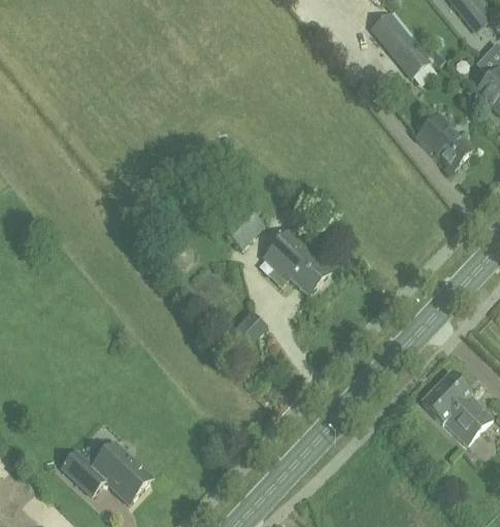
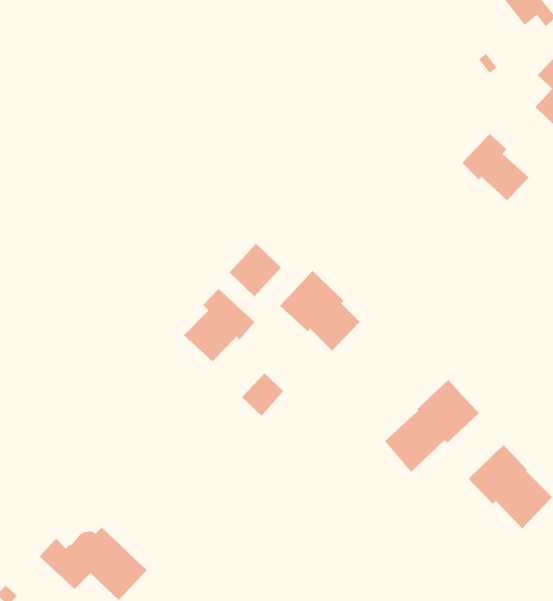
building: [369,12,428,77] -> none
building: none -> [183,288,256,362]
building: none -> [384,379,480,473]

